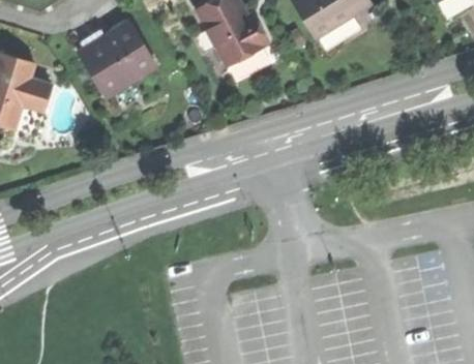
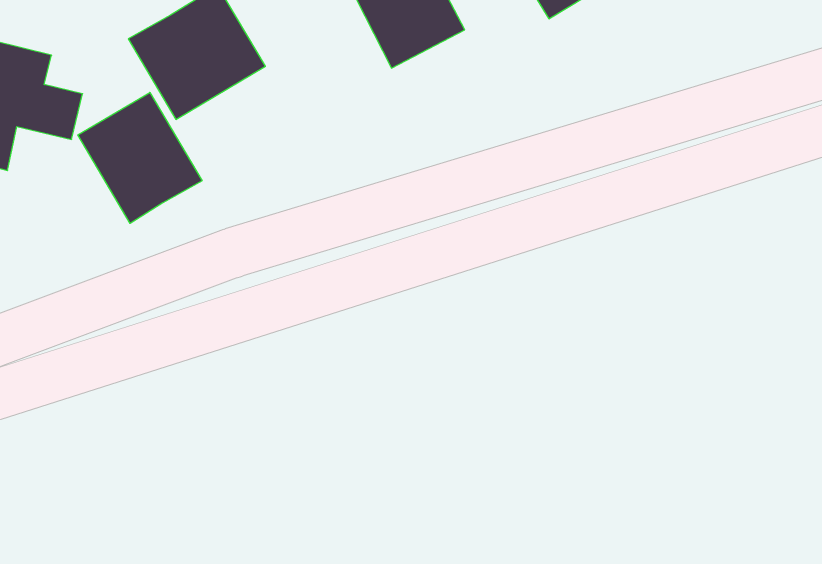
building: none -> [78,92,202,223]

